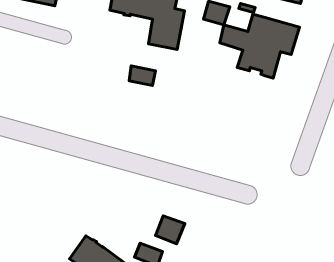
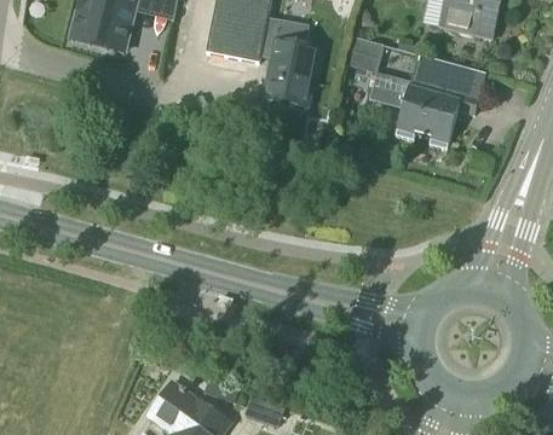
building: [129,66,156,85] -> none
building: [155,216,185,244] -> none

